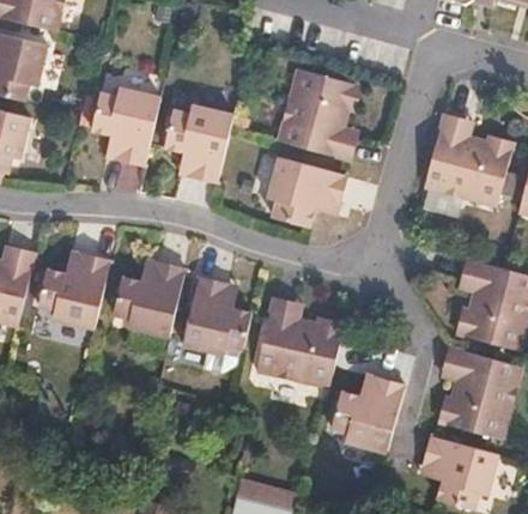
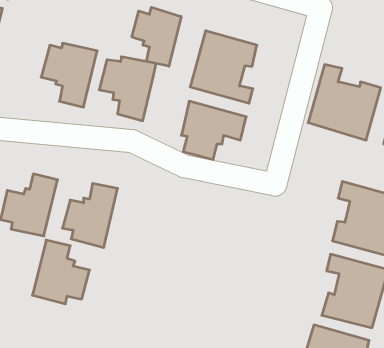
building: none -> [132,7,181,66]
building: [182,273,253,352] -> [32,240,90,304]
building: [251,294,342,385] -> none
building: [332,373,406,450] -> none

